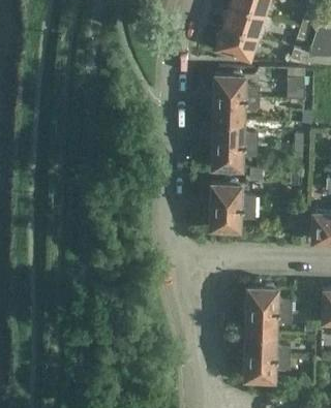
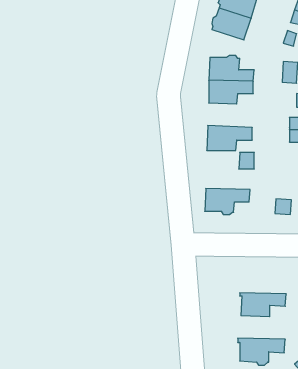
building: [213,120,259,145] -> none
building: [211,181,255,207] -> none
building: [245,284,292,311] -> none
building: [243,333,291,356] -> none

